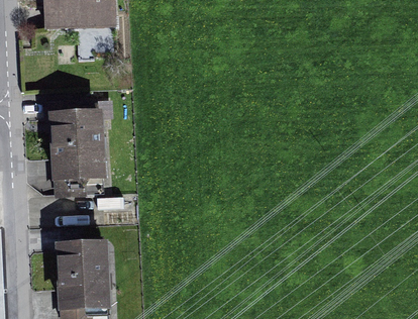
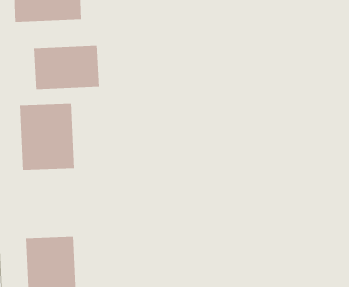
building: none -> [33,45,100,90]

